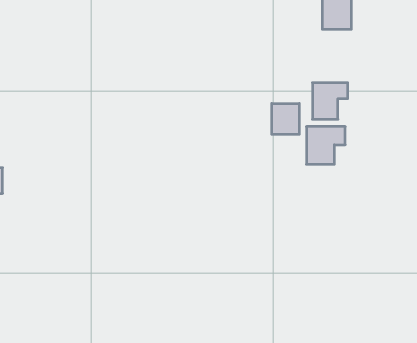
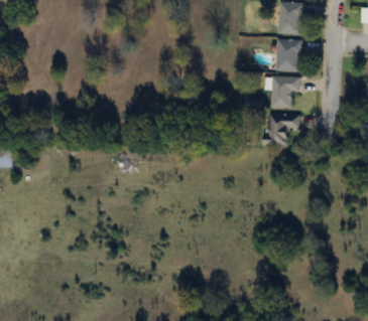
building: none -> [276,40,301,71]
building: [272,103,299,134] -> none

